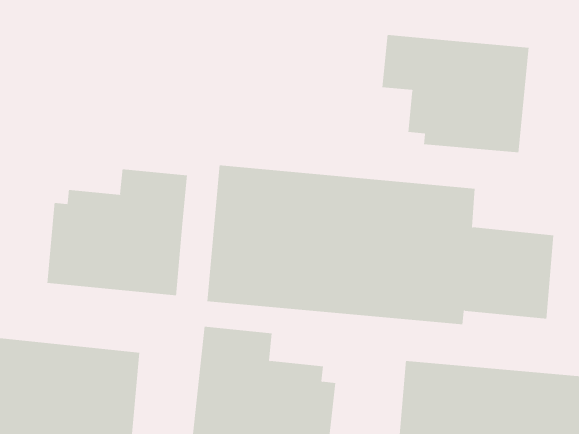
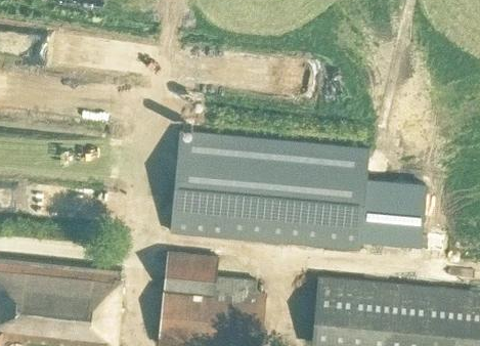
building: [382,34,529,153] -> none
building: [47,168,188,296] -> none

